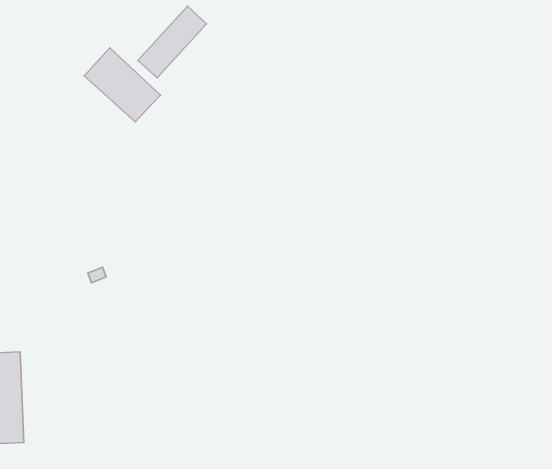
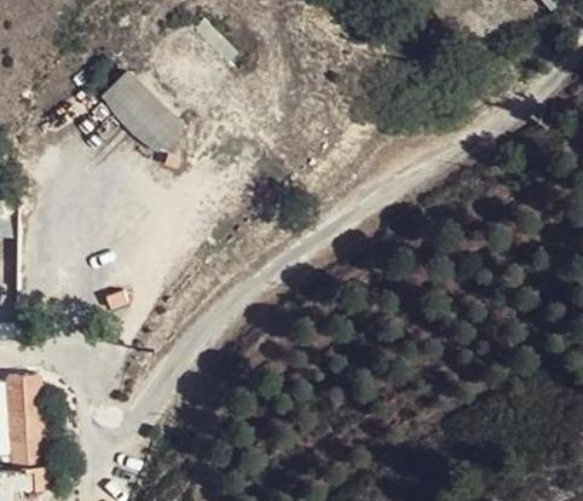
building: [138,6,207,78] -> none

